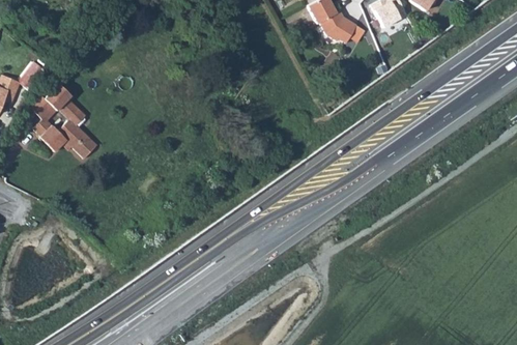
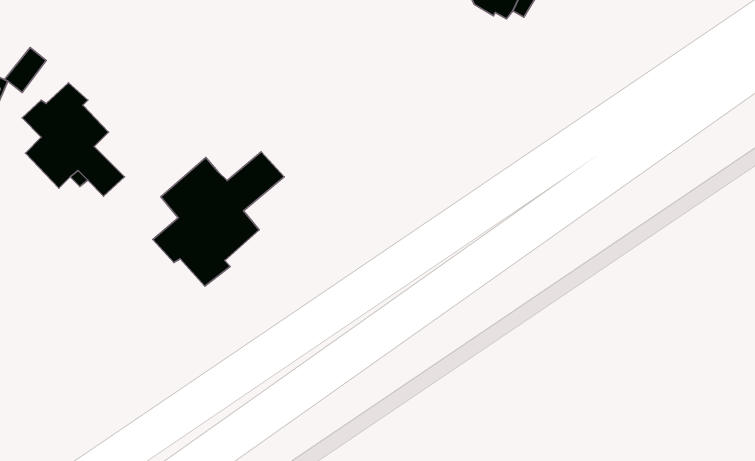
building: none -> [153,152,284,286]

